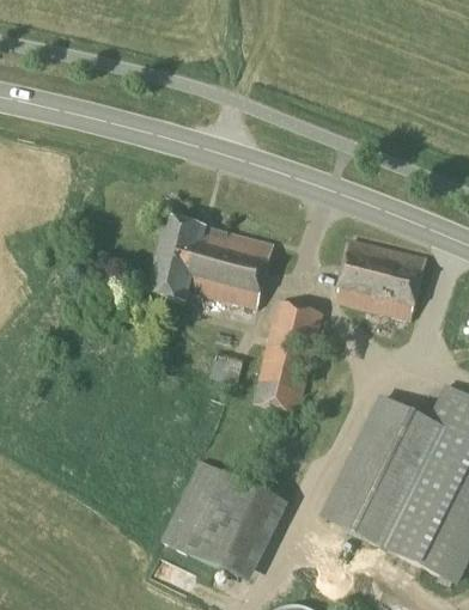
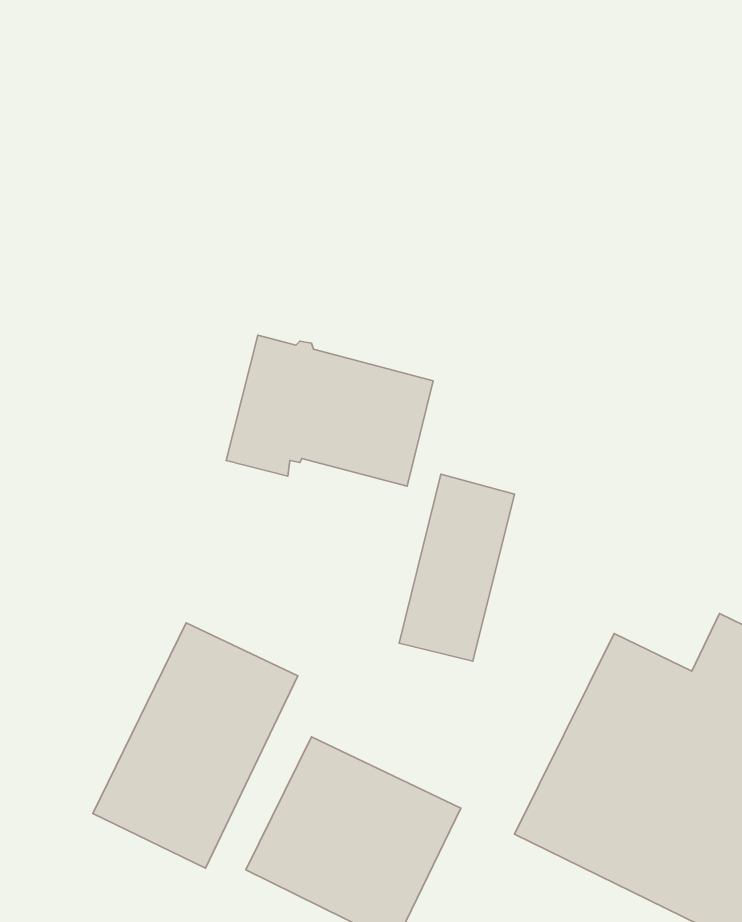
building: [336,238,426,319] -> none
building: none -> [93,623,298,868]

